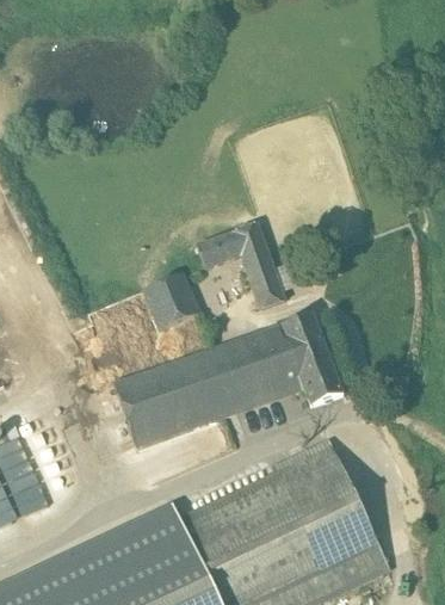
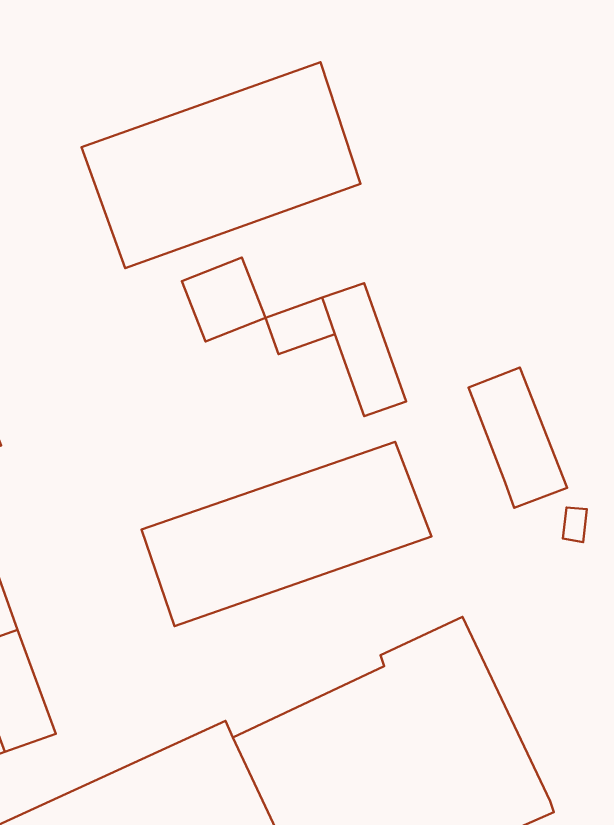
building: none -> [81,62,361,268]
building: [140,276,194,331] -> [182,257,266,341]
building: [278,314,342,406] -> [469,367,567,508]

